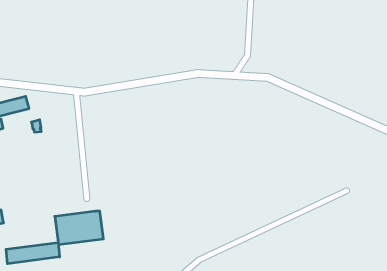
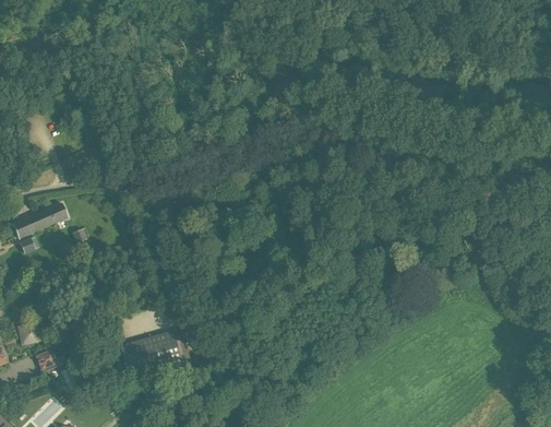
building: [6,243,60,264] -> none

